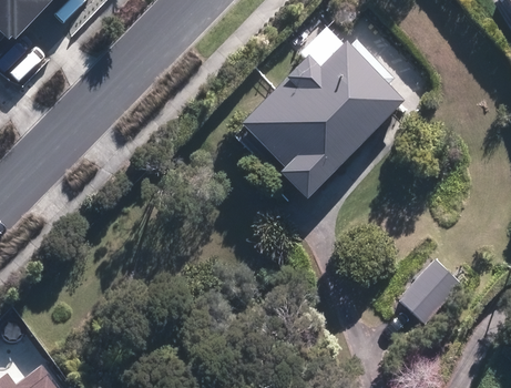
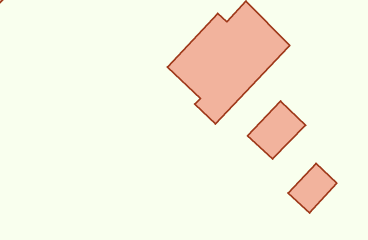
building: none -> [248,101,306,159]

